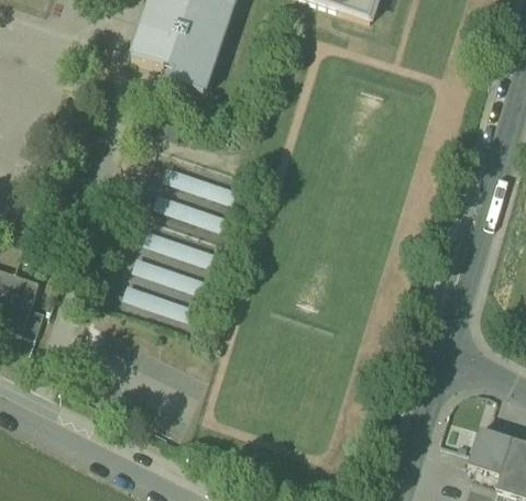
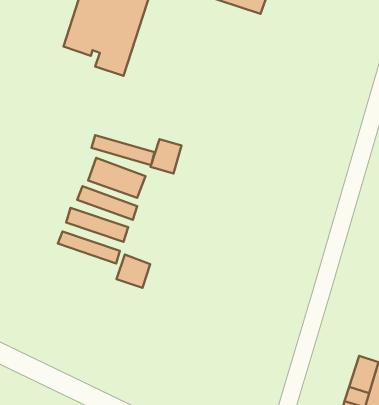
building: none -> [150,139,181,174]
building: none -> [116,255,150,288]

